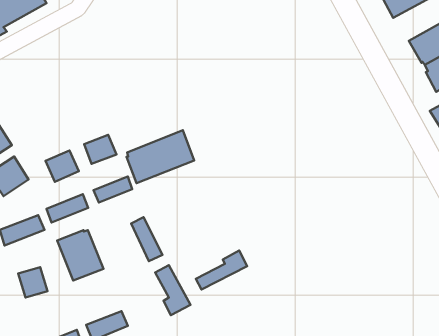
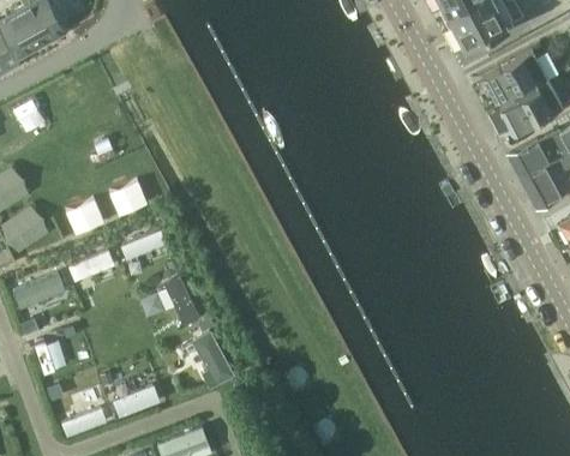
building: [126,130,194,183] -> none
building: [57,230,104,280] -> none
building: [196,251,247,289] -> none

